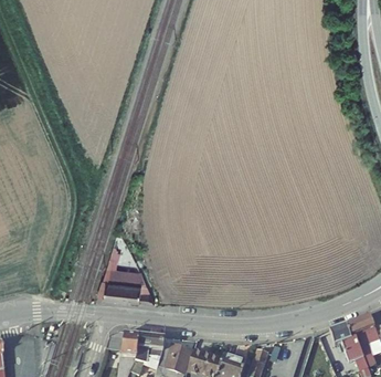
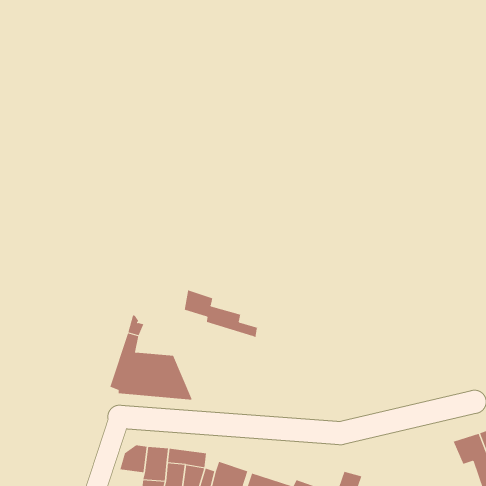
building: none -> [184,290,259,338]

